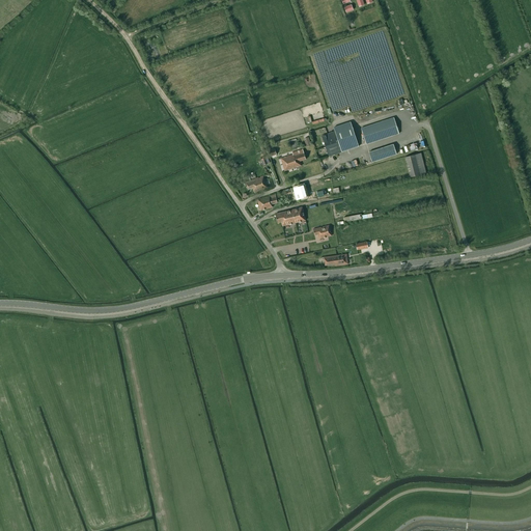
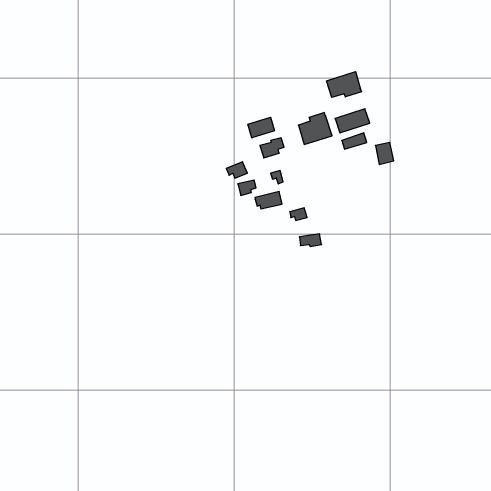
building: none -> [326,72,361,97]
building: none -> [248,117,275,138]

